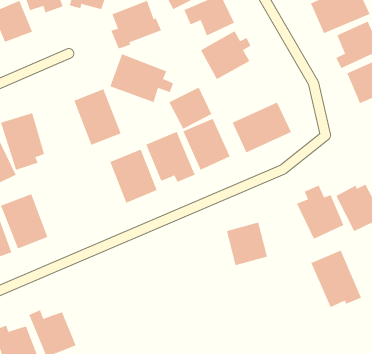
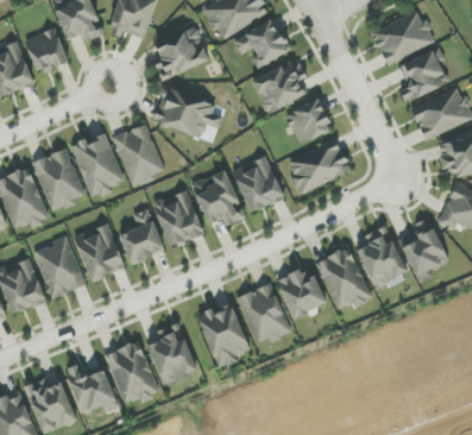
building: [169,87,212,130] -> [284,97,332,144]
building: none -> [71,133,125,196]
building: none -> [119,208,164,263]
building: none -> [74,222,125,279]
building: none -> [238,282,291,342]
building: [311,250,362,308] -> [316,246,372,309]
building: none -> [197,301,252,366]
building: none -> [147,323,199,385]
building: none -> [105,339,161,402]

